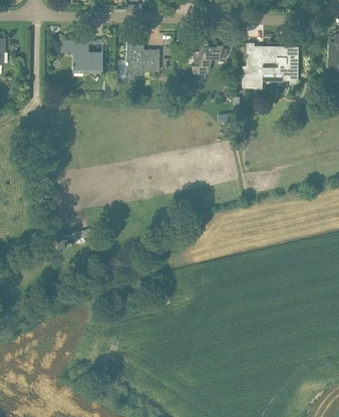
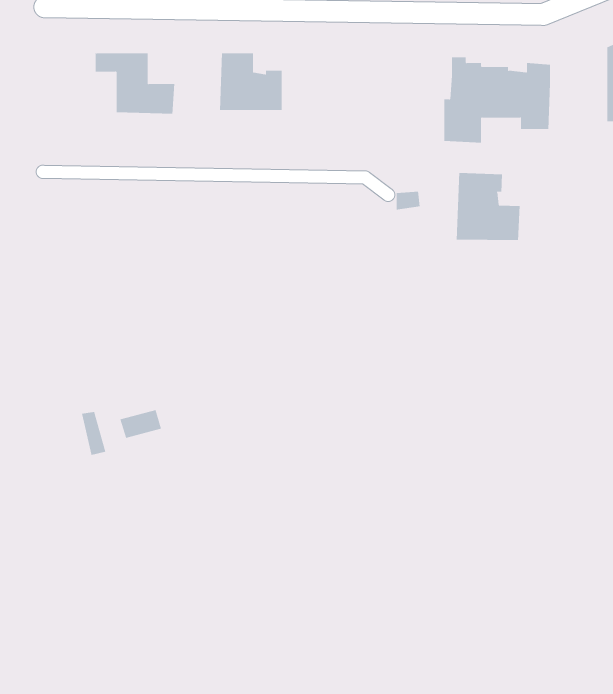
building: [187,41,228,72] -> none
building: none -> [456,172,520,241]

